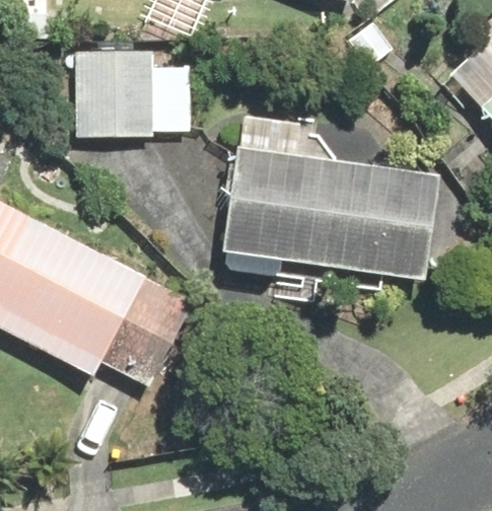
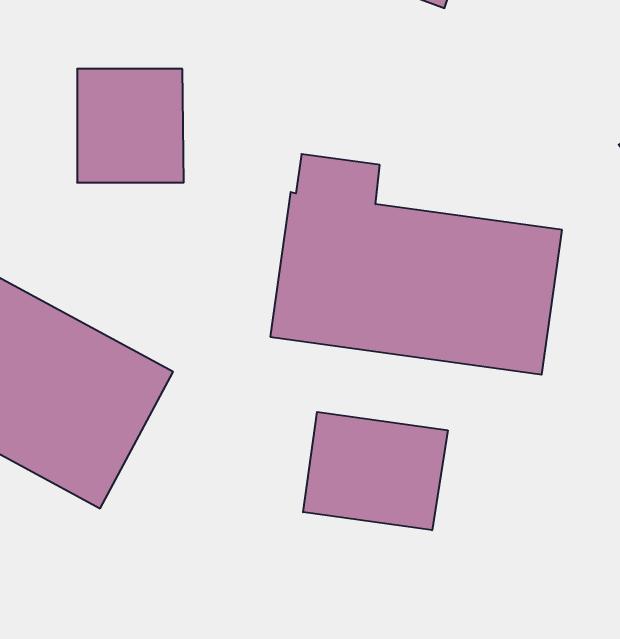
building: none -> [303,412,448,530]

